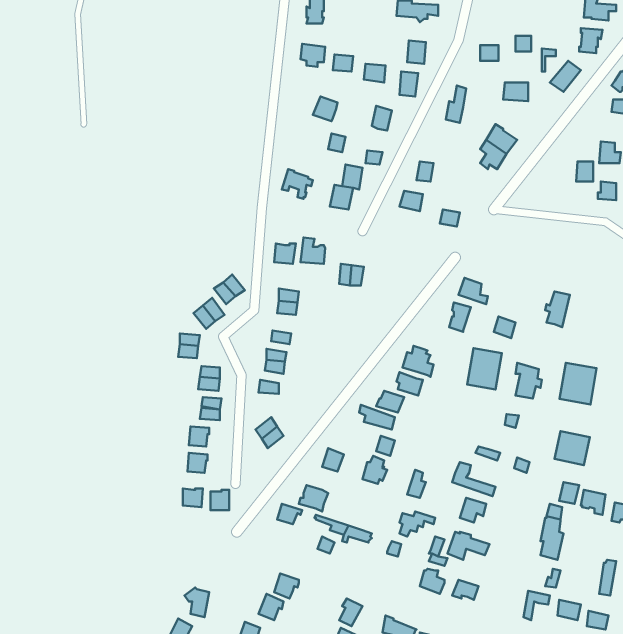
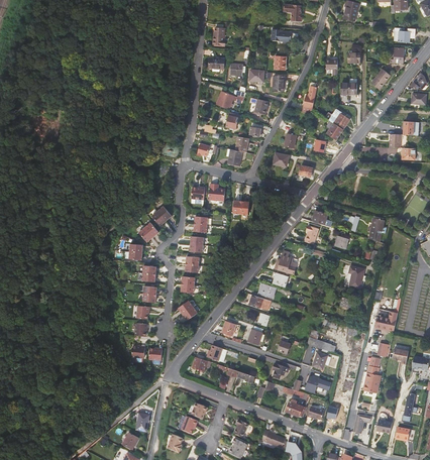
building: [467,348,502,390] -> none
building: [560,363,597,404] -> none

